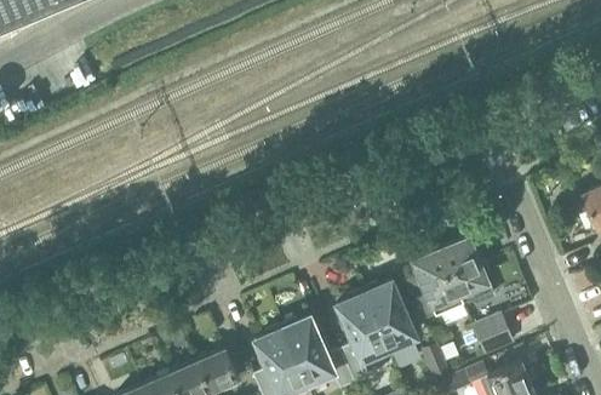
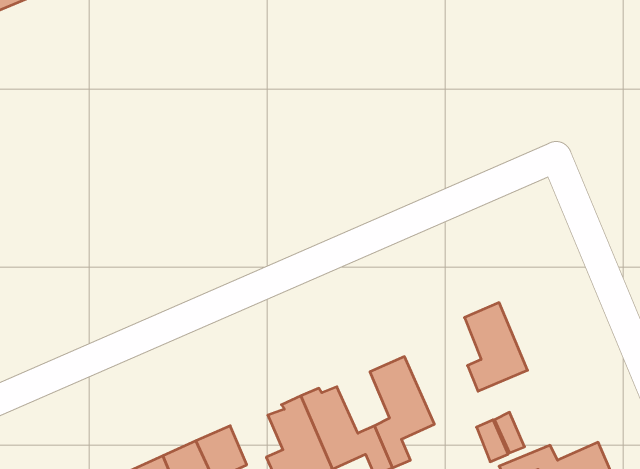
building: [441,236,493,303] -> none
building: [365,280,417,347] -> none
building: [474,314,513,353] -> none

